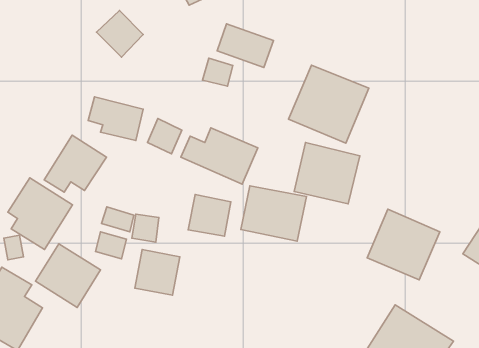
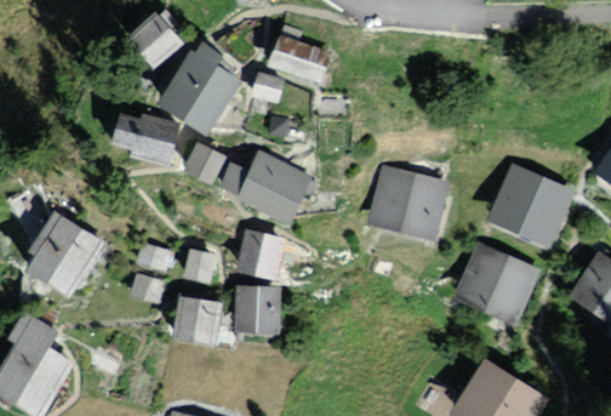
building: none -> [165,38,252,135]
building: [289,65,369,143] -> [473,161,566,252]
building: [44,135,107,192] -> none
building: [241,186,307,241] -> none
building: none -> [238,284,281,329]
building: [35,244,100,307] -> none

